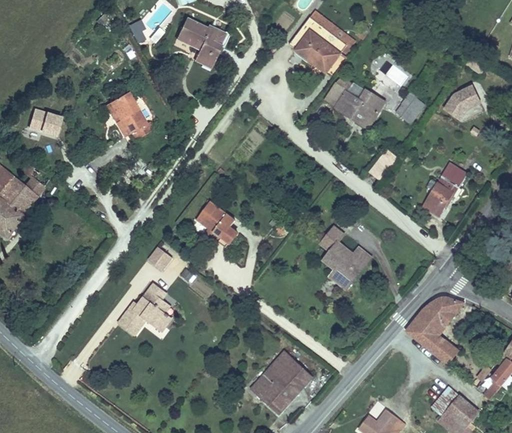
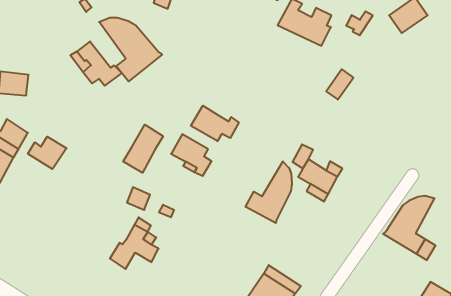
building: none -> [99,18,162,81]
building: [420,157,467,211] -> none
building: none -> [191,106,239,141]
building: none -> [28,137,67,169]
building: none -> [123,125,163,173]
building: none -> [246,161,292,223]

